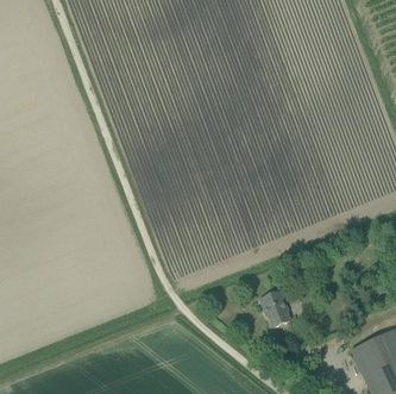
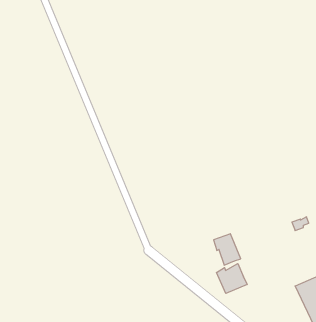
building: none -> [217,264,247,293]

